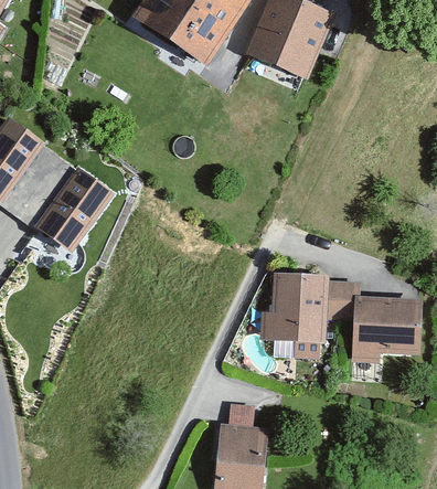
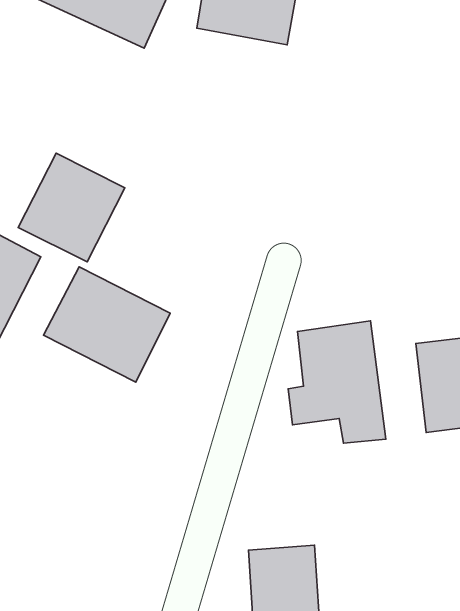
building: none -> [18,153,125,262]
building: none -> [44,267,170,382]

